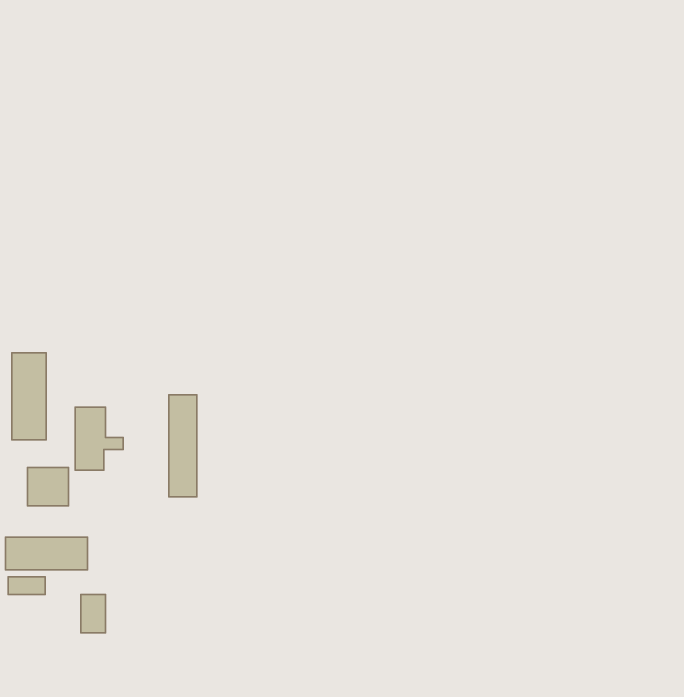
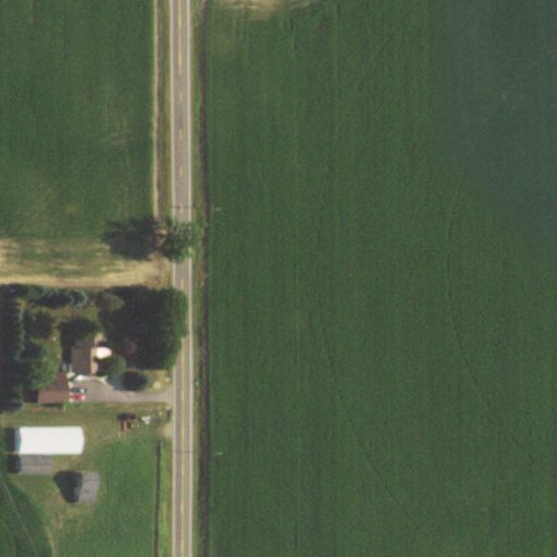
building: [12,353,46,440] -> none
building: [169,395,197,497] -> none

